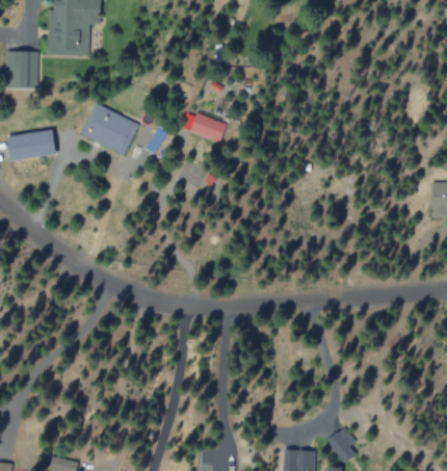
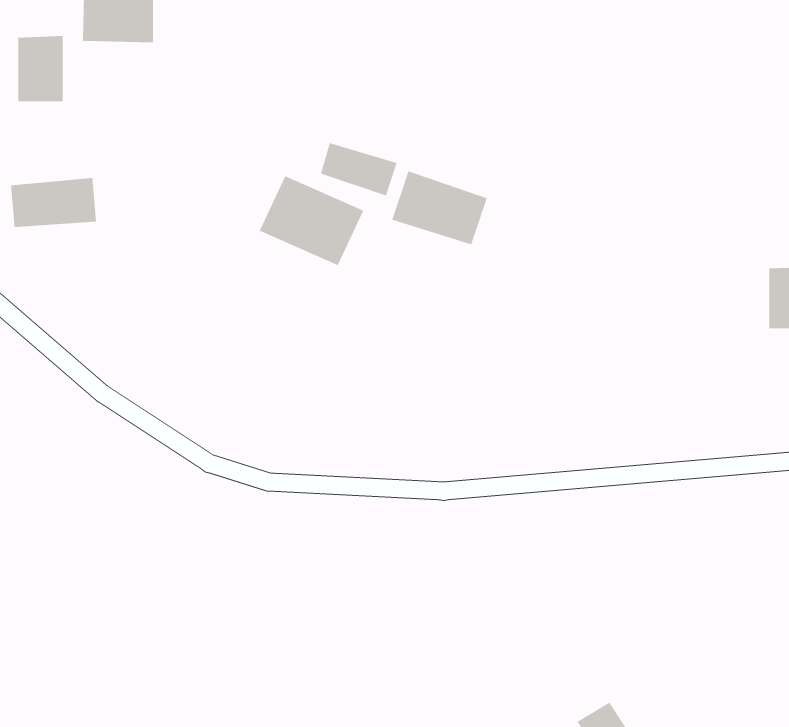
building: [79,104,138,155] -> [259,175,364,266]
building: none -> [391,171,487,245]

